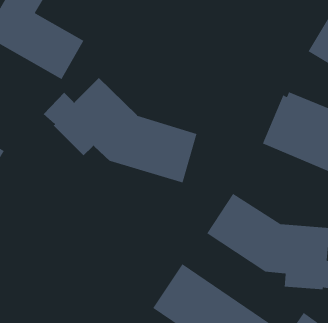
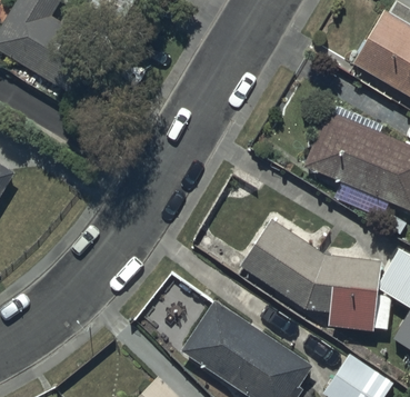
building: [43,77,197,184] -> none

